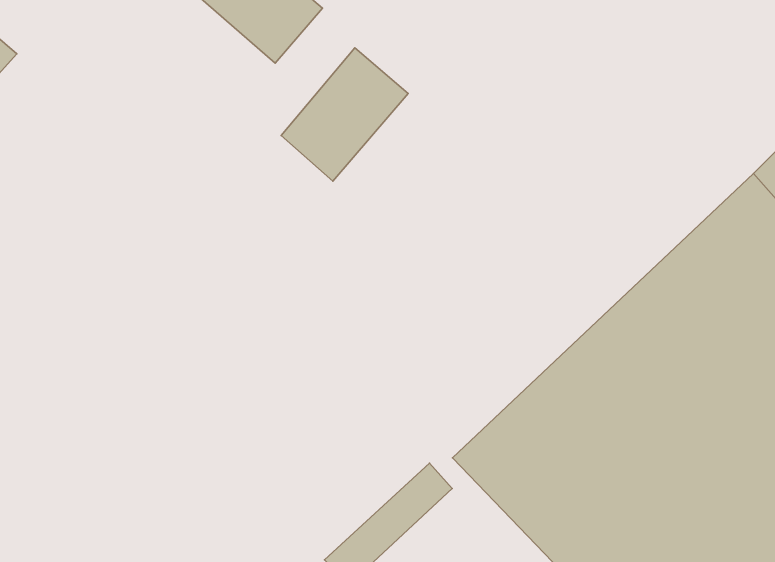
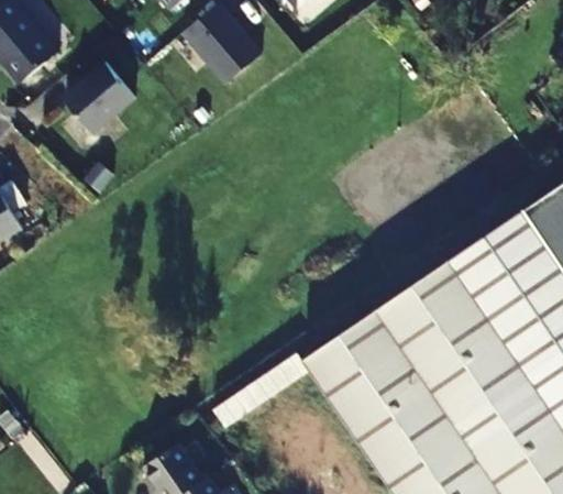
building: [281,48,408,181] -> none
building: none -> [69,61,140,132]

